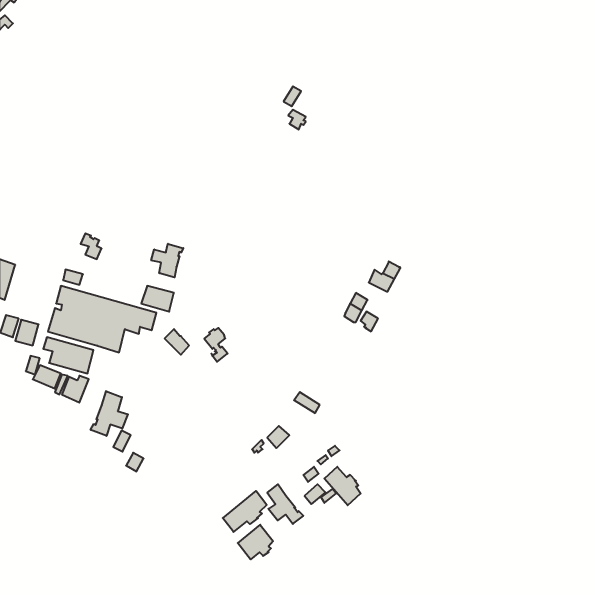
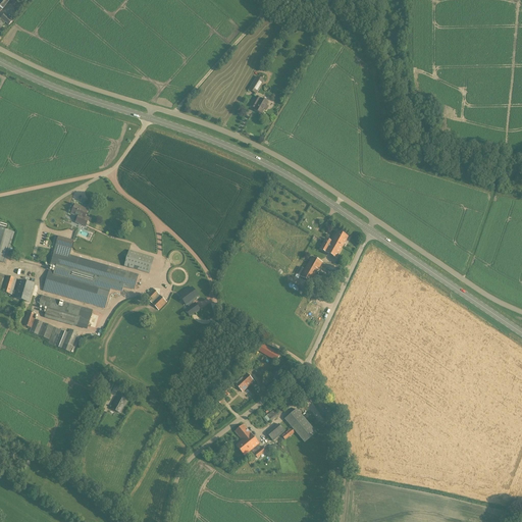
building: [151,244,183,277] -> none
building: [91,391,128,436] -> none
building: [223,491,267,532] -> none
building: [238,525,273,559] -> none

